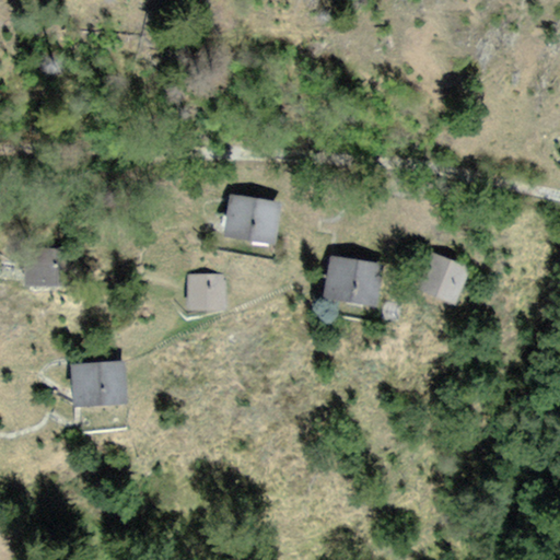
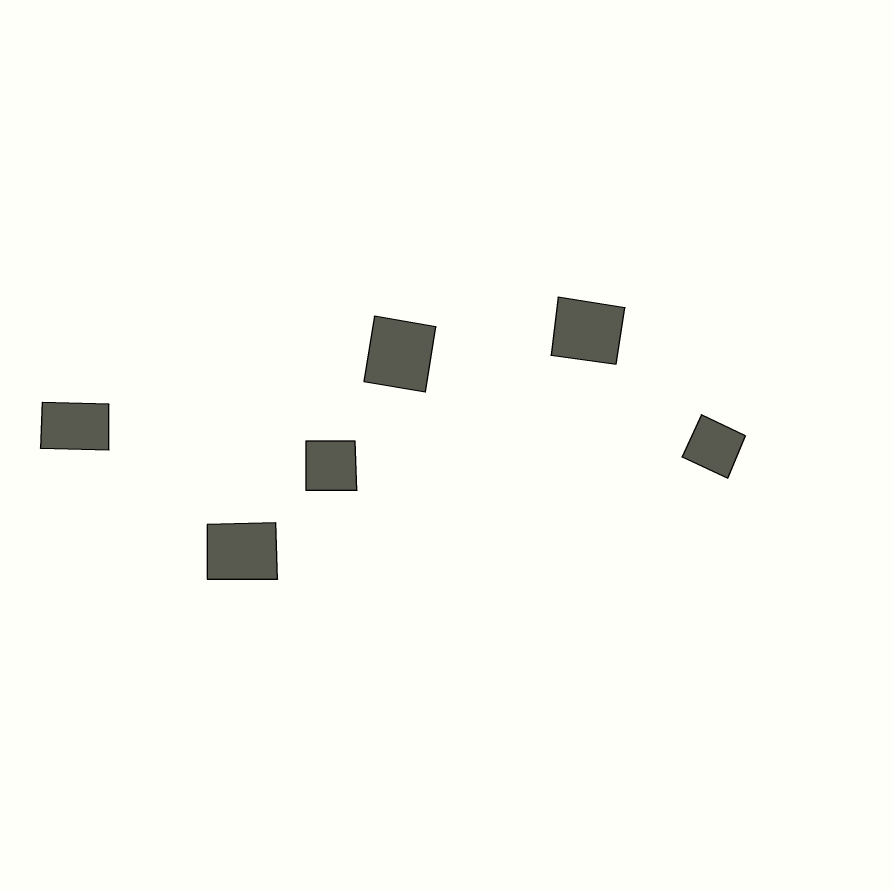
building: [331,259,377,301] -> [551,297,625,364]
building: [75,362,119,397] -> [207,523,278,579]

